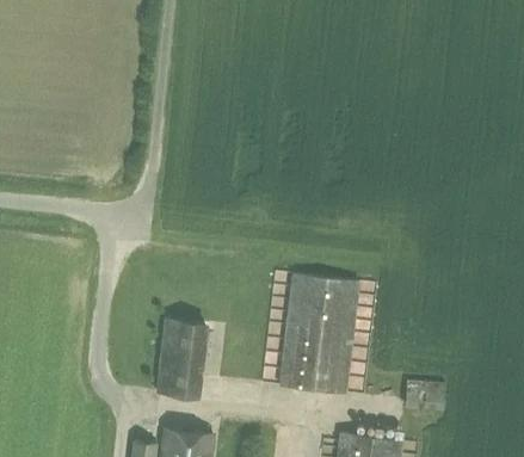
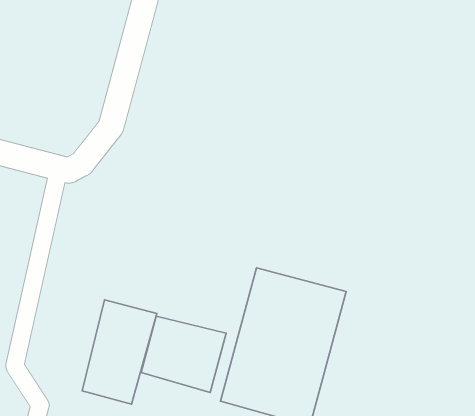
building: none -> [141,316,226,393]

